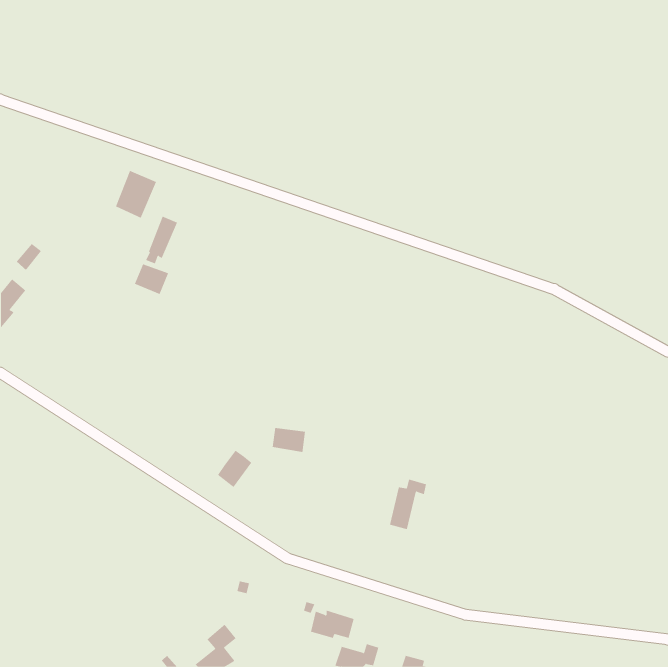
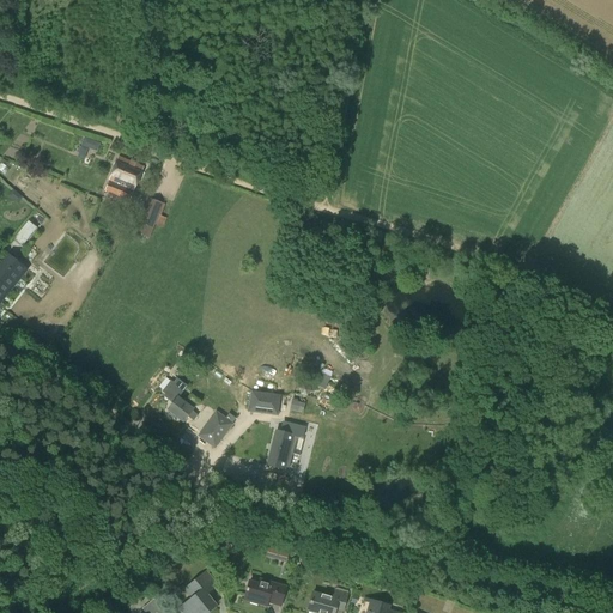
building: [134,263,169,295] -> none
building: none -> [164,380,198,421]
building: [389,479,427,530] -> [269,424,304,471]
building: [310,610,354,638] -> [244,578,285,605]

